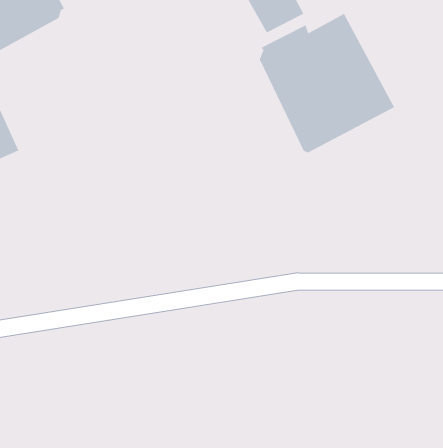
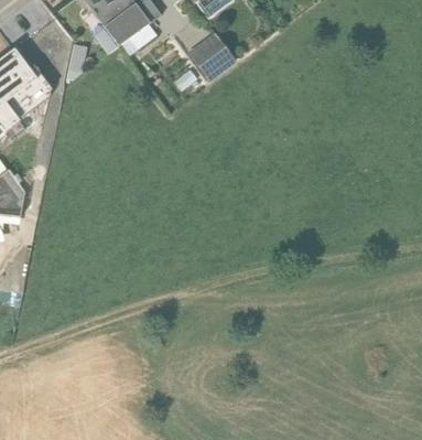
building: [259,13,395,153] -> none

